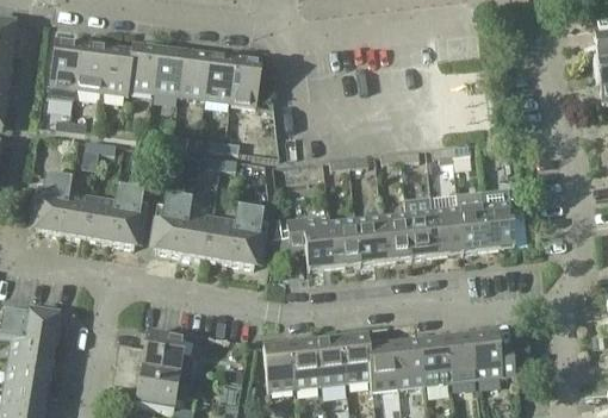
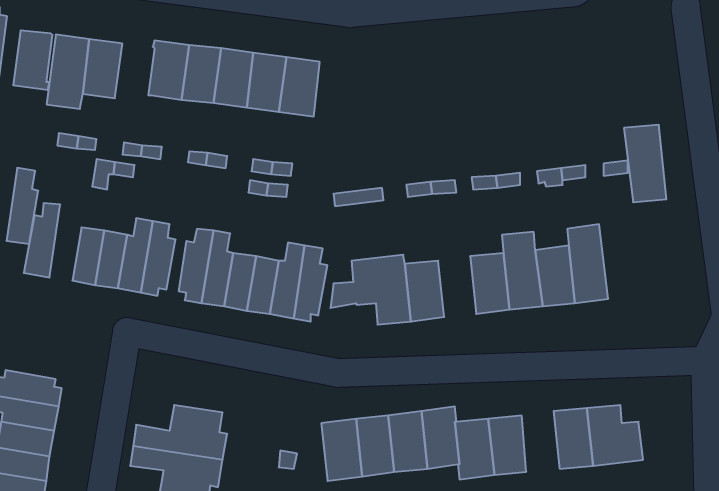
building: [101,48,132,94] -> [13,30,53,90]
building: [50,174,75,233] -> [6,168,38,244]
building: [482,187,515,248] -> [624,125,666,202]
building: [355,214,385,262] -> none
building: [421,336,451,383] -> none

